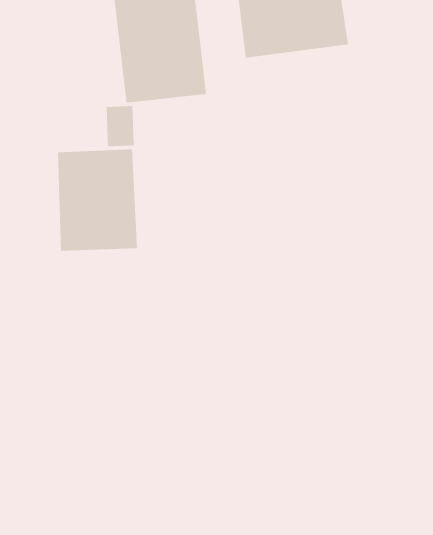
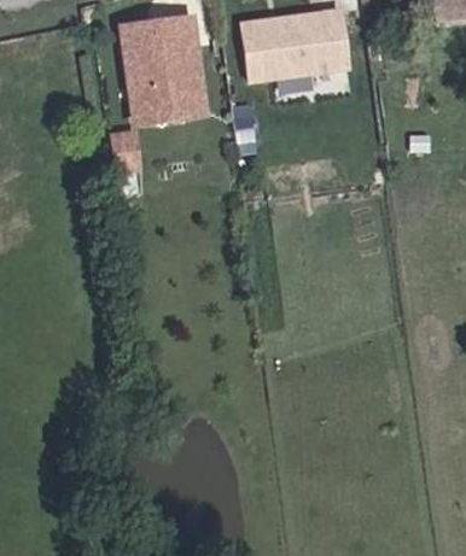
building: [57,148,137,251] -> none

